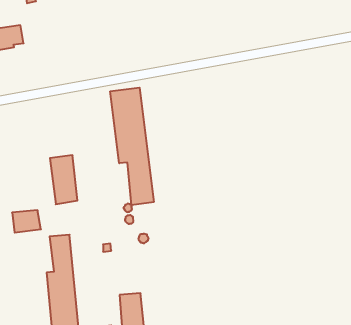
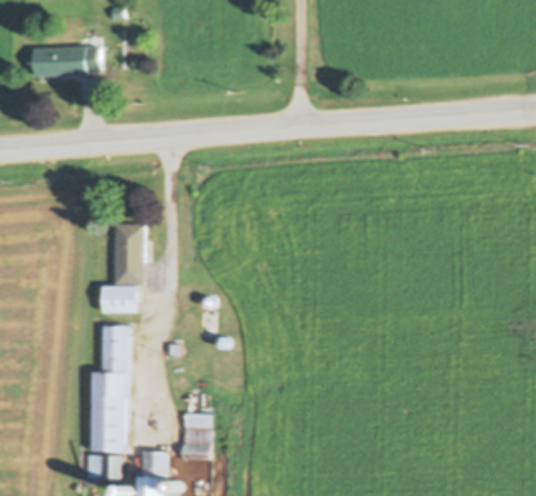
building: [110,88,154,205] -> none
building: [12,210,41,233] -> [103,284,138,311]

